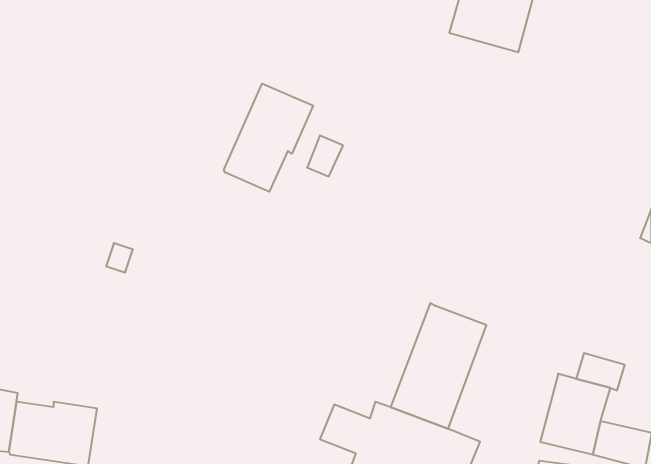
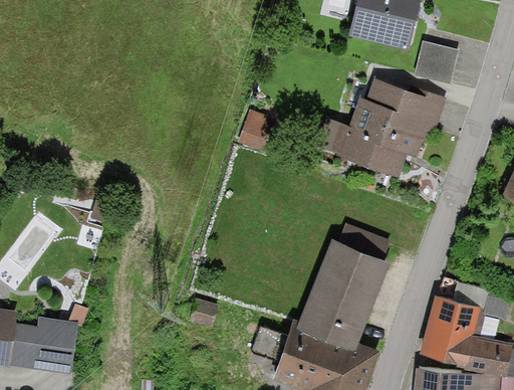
building: none -> [414,40,459,84]
building: [224,84,313,192] -> none
building: none -> [323,85,443,169]
building: none -> [341,226,390,261]

